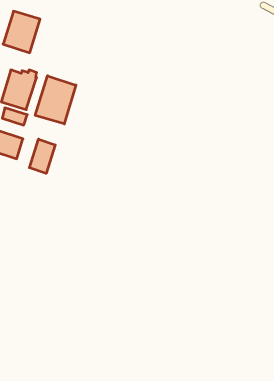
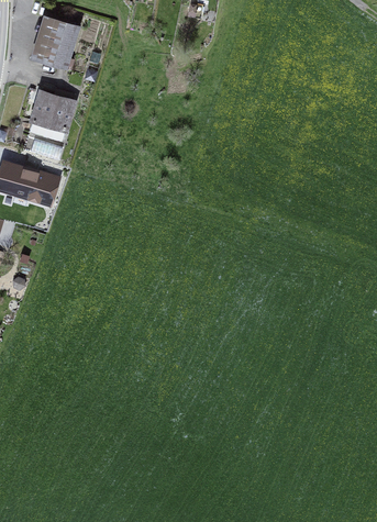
building: [35,76,76,124] -> none
building: [29,139,55,173] -> none

